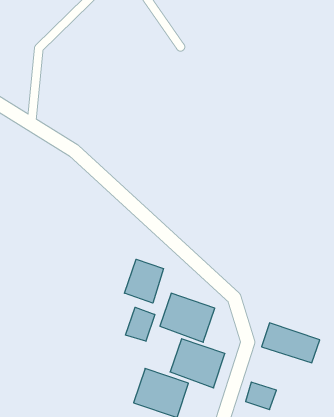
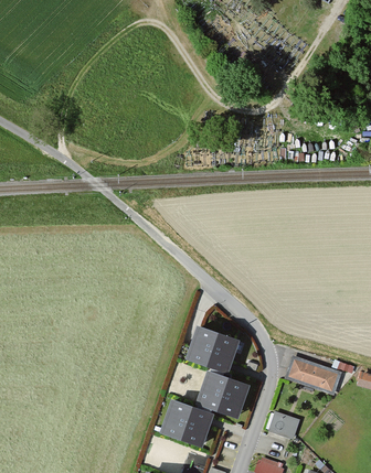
building: [124,259,164,303] -> none
building: [126,307,155,341] -> none

